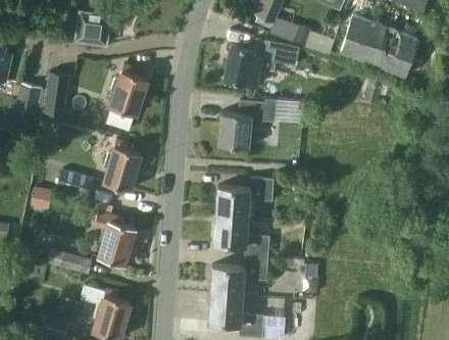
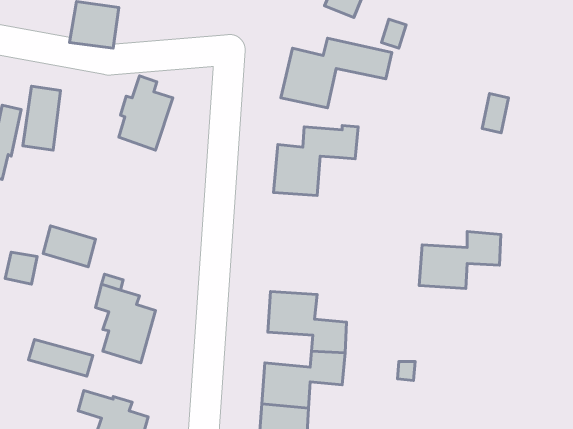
building: [341,16,418,78] -> none
building: [104,141,141,192] -> none
building: [216,179,273,218] -> [419,232,501,288]

